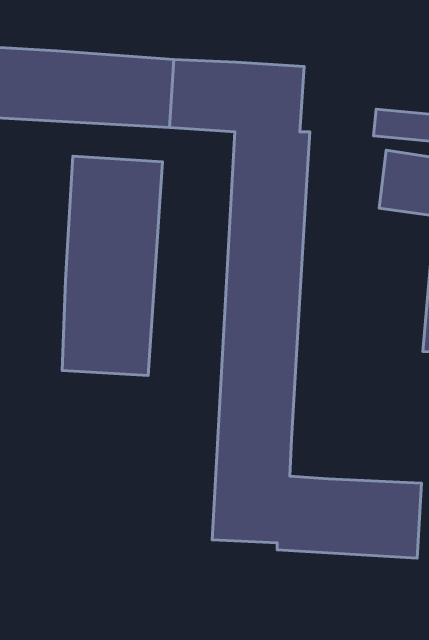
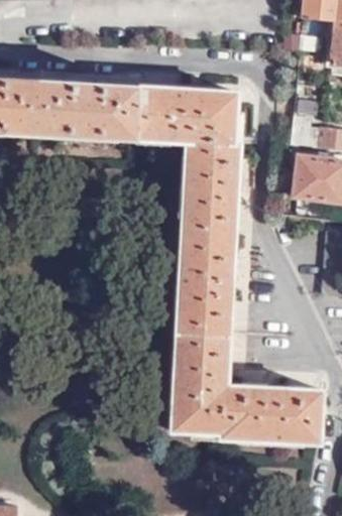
building: [62,156,162,375] -> none

